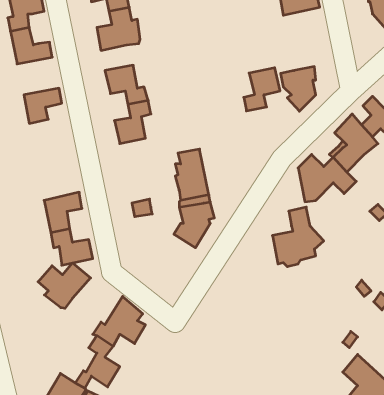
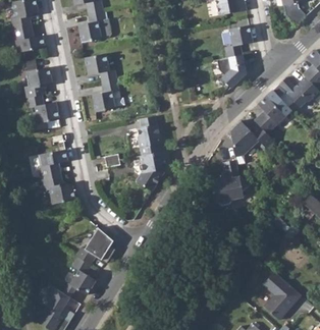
building: [244,68,280,111] -> [225,24,253,57]
building: none -> [28,94,60,125]
building: [38,263,91,308] -> none

